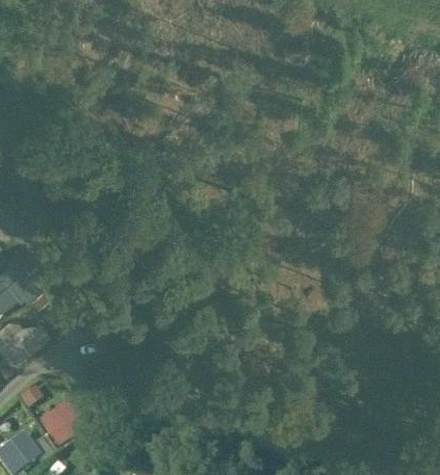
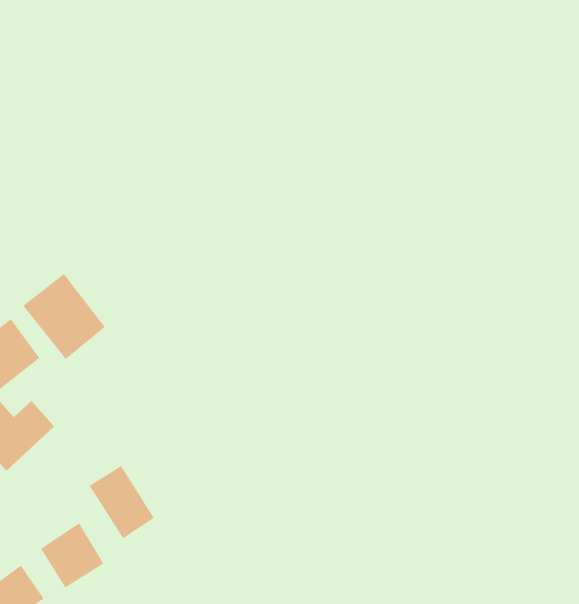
building: none -> [22,273,106,360]
building: none -> [89,465,155,539]

